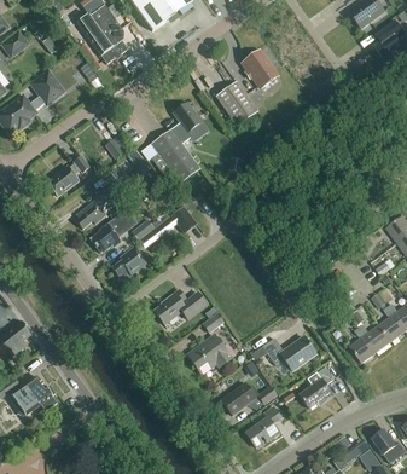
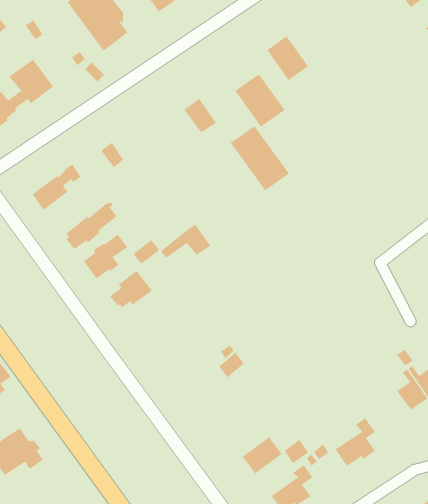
building: [150,129,199,184] -> [230,125,290,191]
building: [153,289,205,324] -> none
building: [186,335,231,374] -> none
building: [249,336,315,371] -> none

